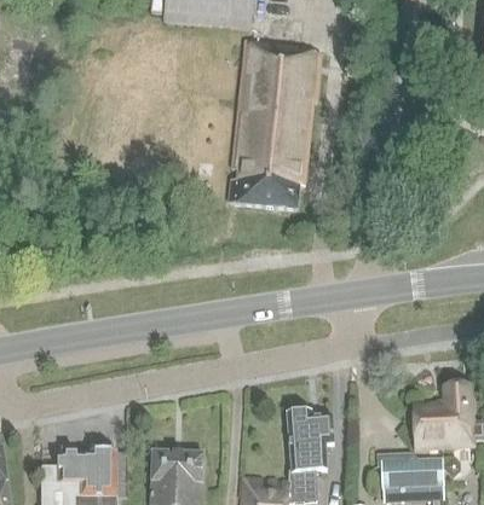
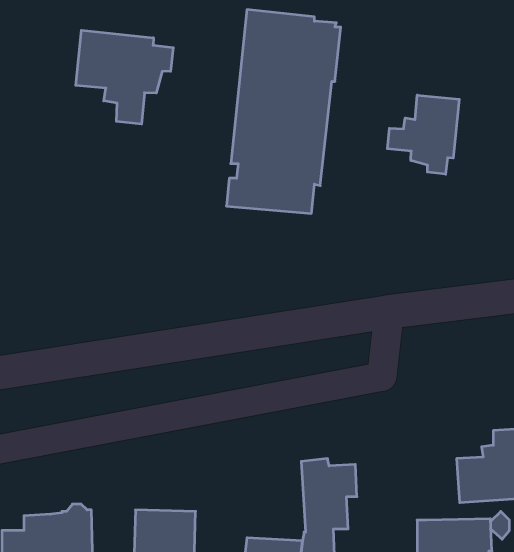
building: none -> [76,30,173,124]
building: none -> [387,95,459,174]

